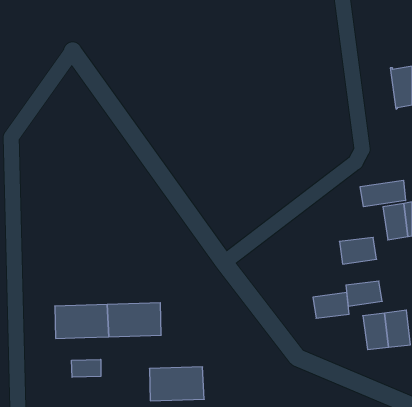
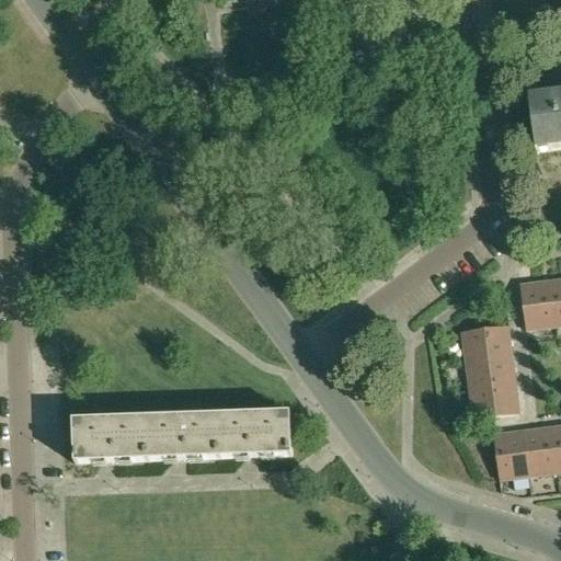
building: [360,180,406,207] -> none
building: [313,292,349,318] -> [466,352,515,387]
building: [72,359,101,377] -> none
building: [149,367,204,401] -> [218,409,293,455]

